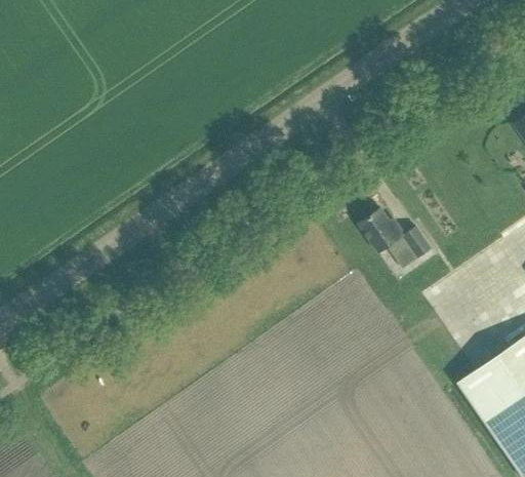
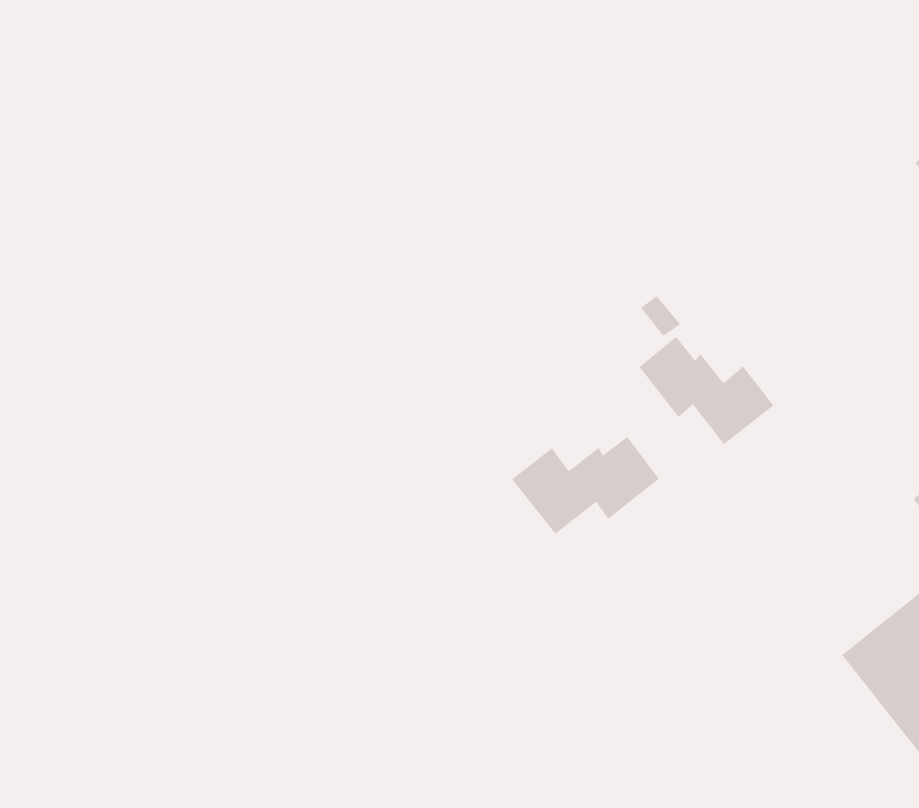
building: none -> [511,436,660,535]

